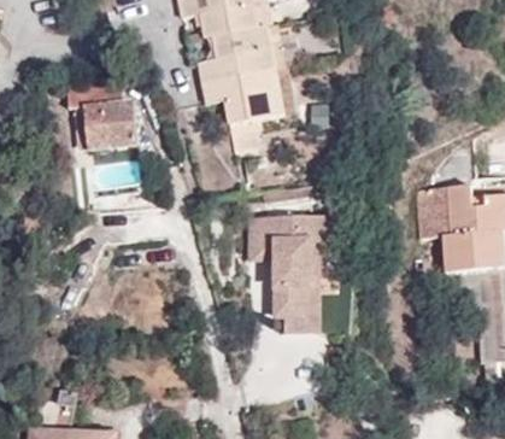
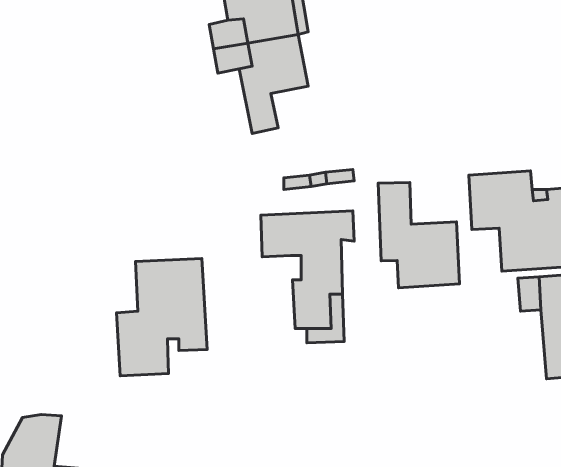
building: [69,83,137,148] -> none
building: none -> [378,183,459,288]
building: none -> [117,258,207,376]

